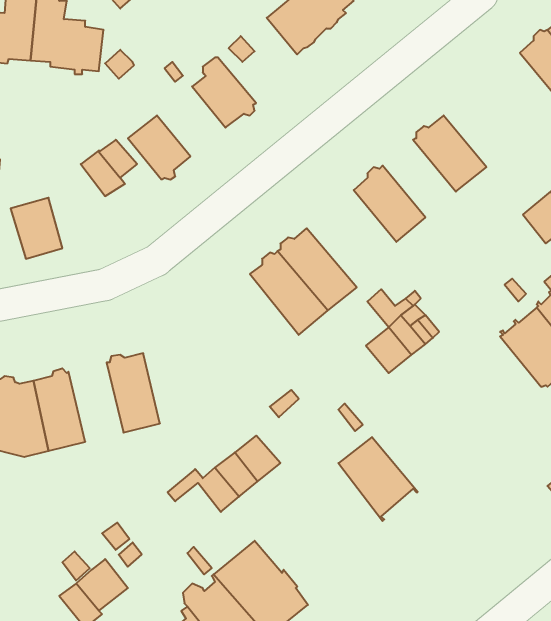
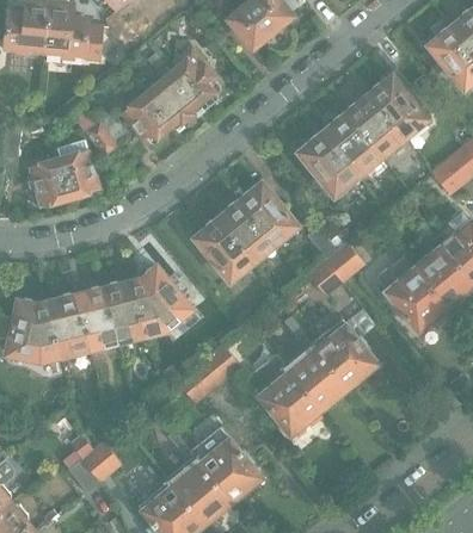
building: none -> [143,72,201,126]
building: none -> [368,75,424,135]
building: none -> [320,113,377,174]
building: none -> [55,140,98,200]
building: none -> [194,218,254,284]
building: none -> [374,256,444,331]
building: none -> [133,266,191,335]
building: none -> [74,286,117,349]
building: none -> [309,309,377,389]
building: none -> [256,365,320,436]

